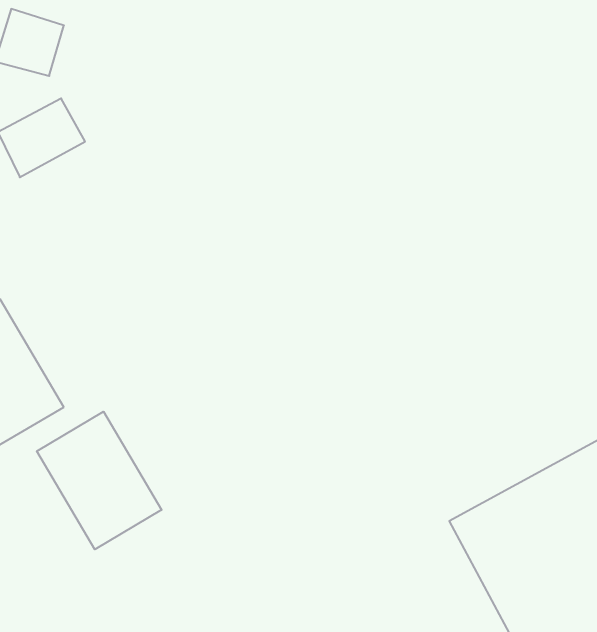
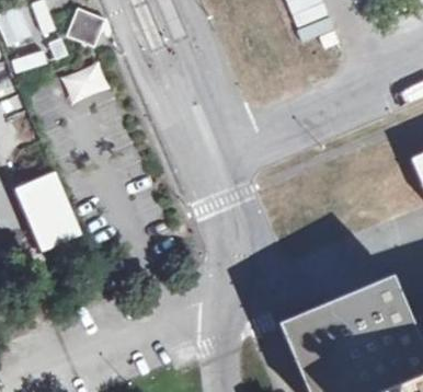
building: [37,412,162,549] -> none

